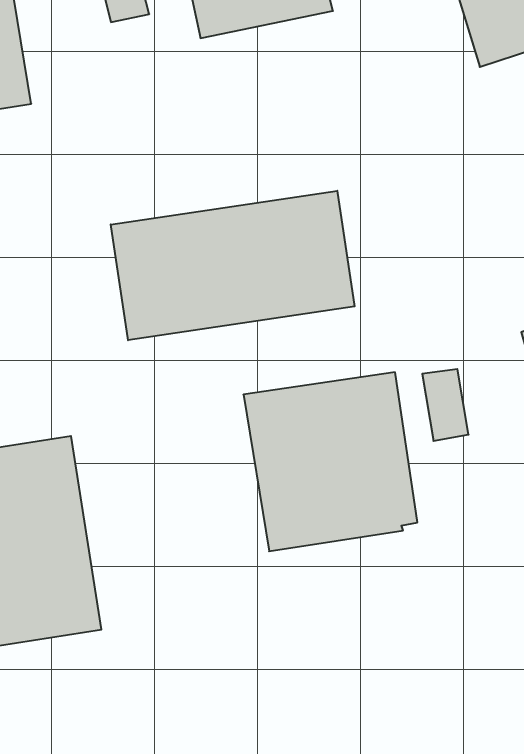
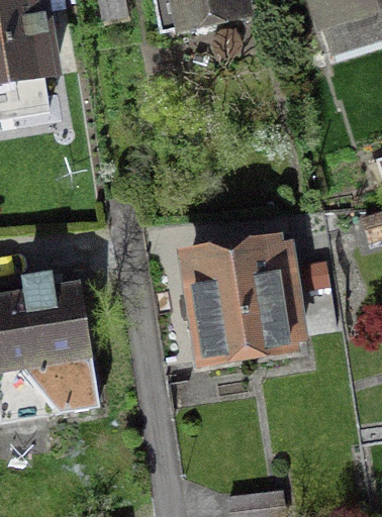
building: [111,191,355,340] -> none

